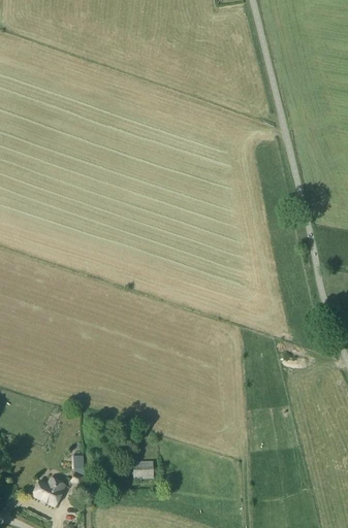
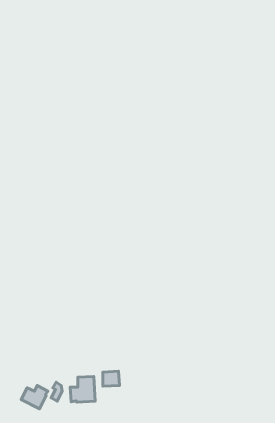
building: none -> [70,376,95,402]

